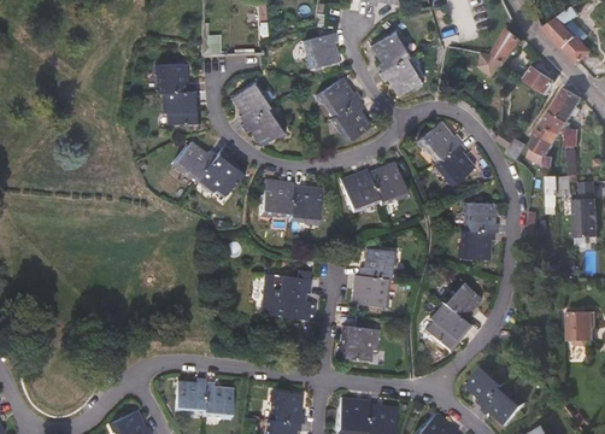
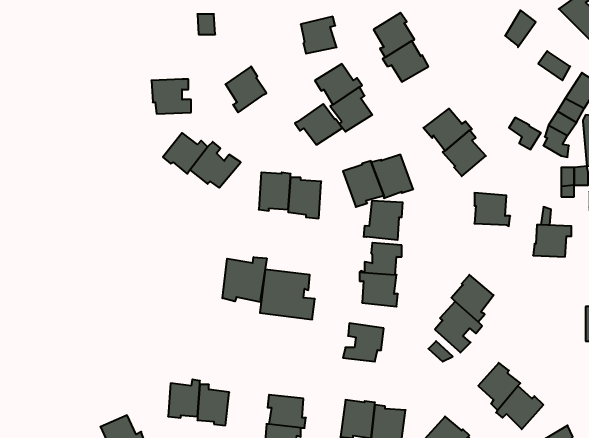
building: [153,64,188,94] -> none
building: [239,107,283,146] -> [295,104,342,145]
building: none -> [364,201,403,240]
building: [458,229,494,259] -> [533,225,571,257]
building: none -> [222,257,267,302]

